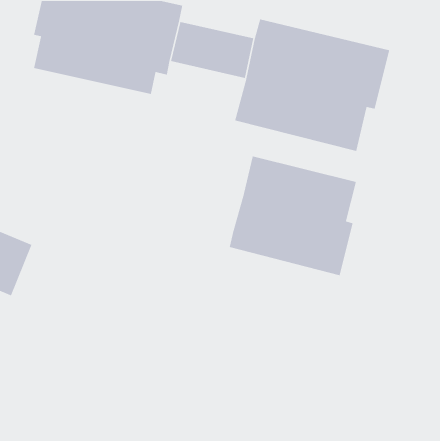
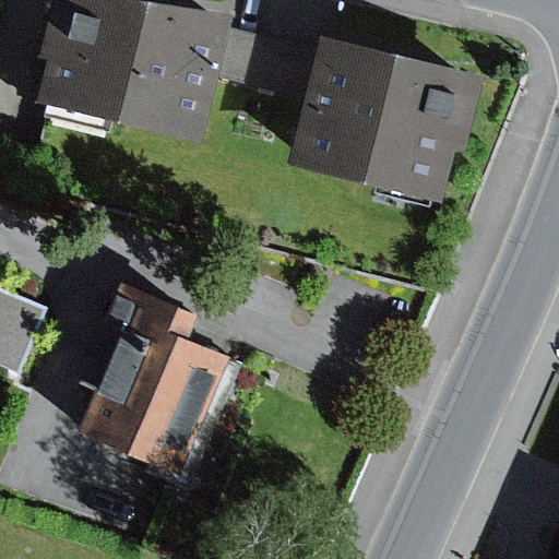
building: [229,155,357,276] -> none
building: none -> [72,293,229,489]

